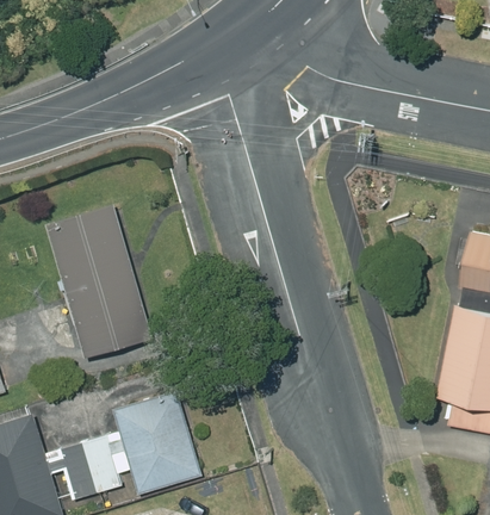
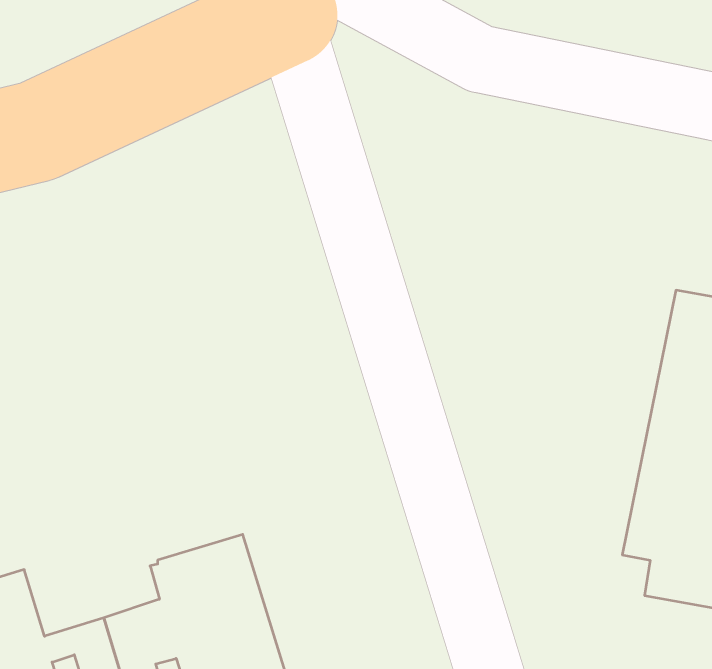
building: [50,205,151,358] -> none

